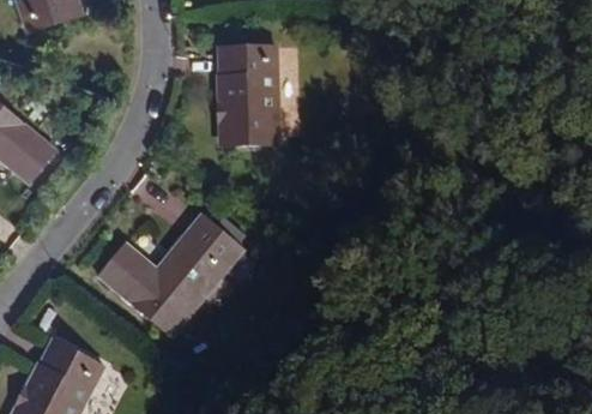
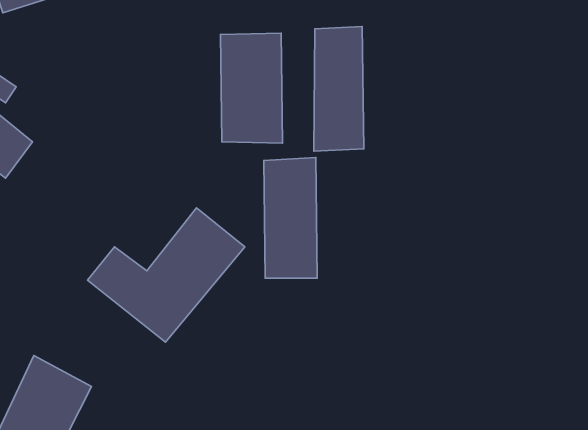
building: none -> [314,27,364,151]
building: none -> [264,157,317,278]

